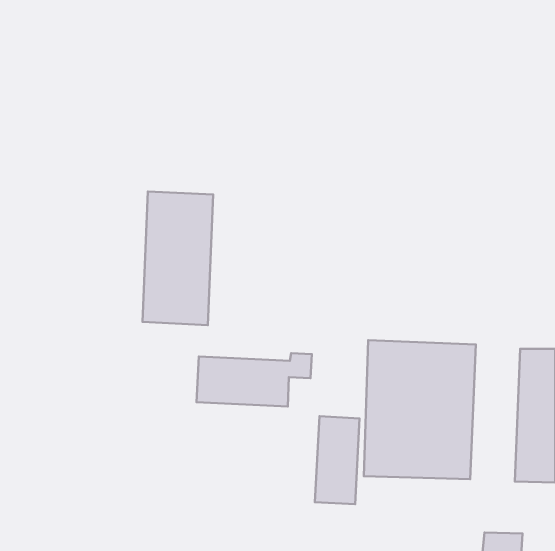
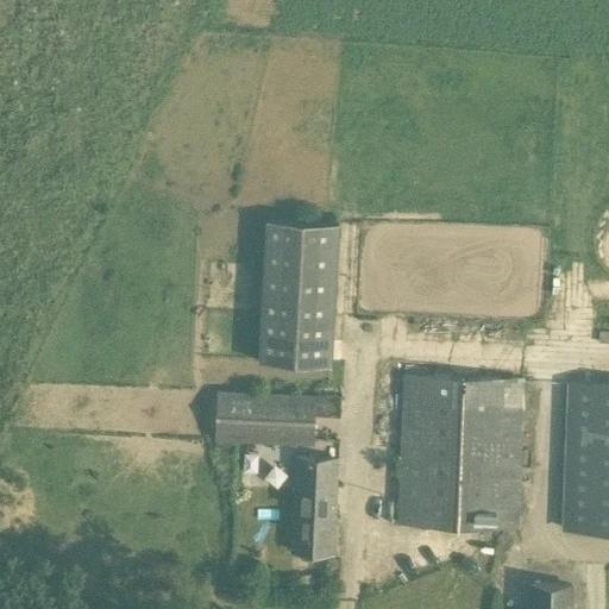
building: [143,191,213,325] -> [259,222,337,369]
building: [315,416,360,504] -> [290,460,339,557]

